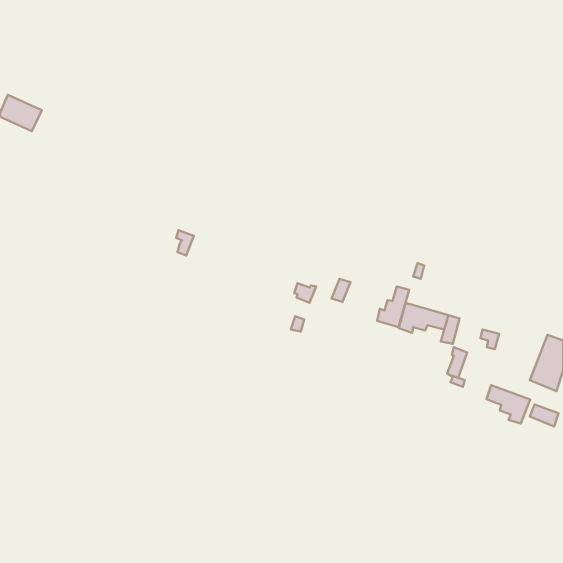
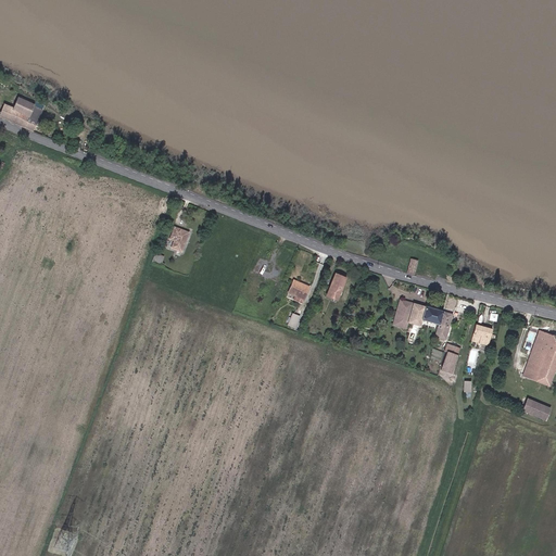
building: [377,287,409,327] -> none
building: [487,385,530,424] -> none

